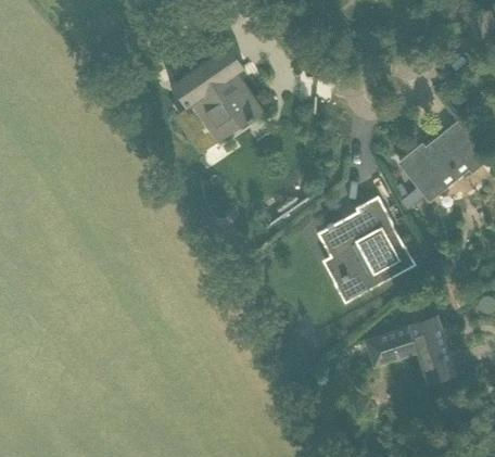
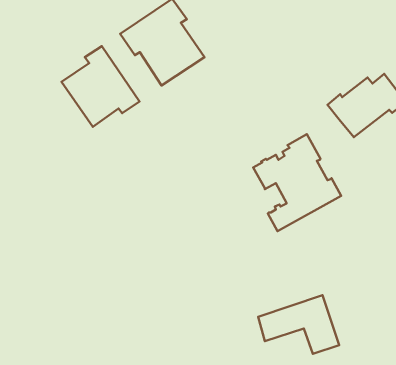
building: none -> [61,46,139,127]
building: [365,316,455,381] -> [258,295,339,354]

